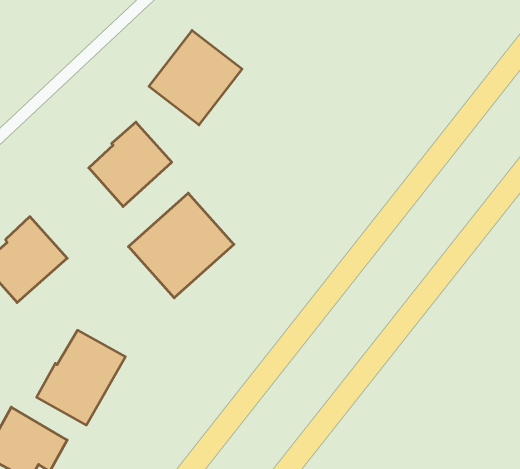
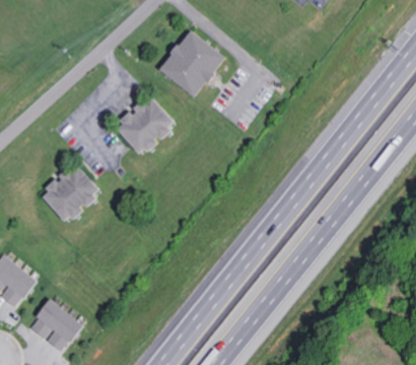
building: [128,193,234,298] -> none
building: [37,330,125,425] -> none

